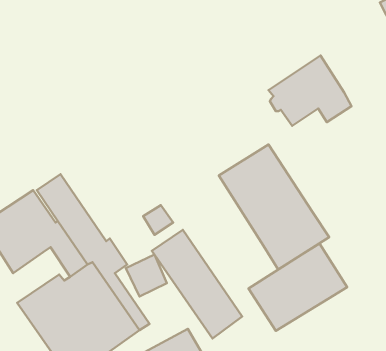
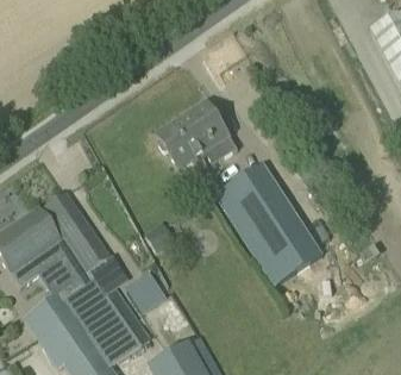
building: [269,55,351,126] -> [157,100,237,168]
building: [152,230,242,339] -> none
building: [249,243,347,331] -> none

